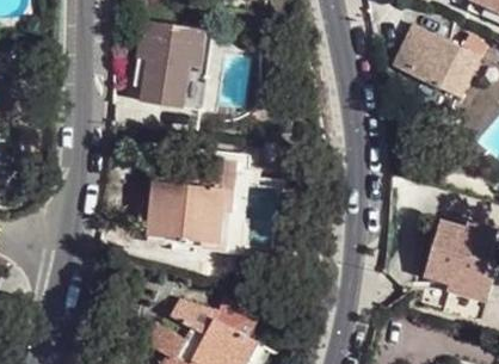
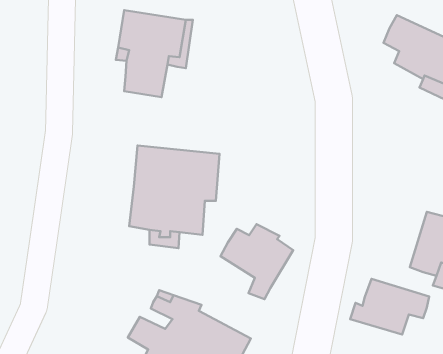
building: none -> [221,224,293,299]
building: none -> [350,279,429,335]

